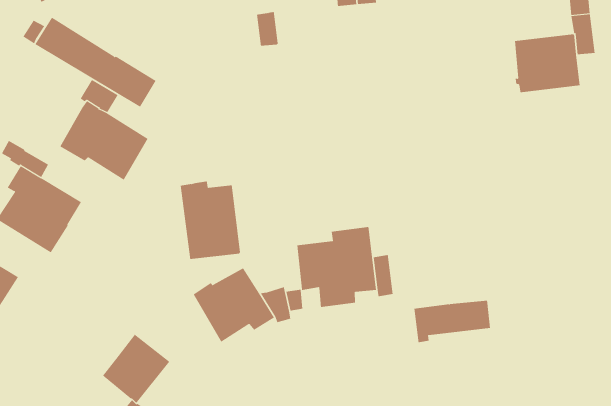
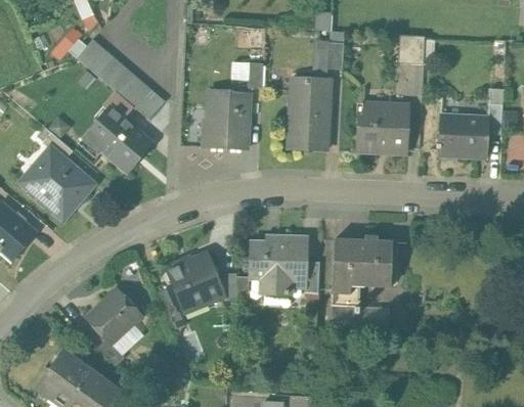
building: none -> [288,77,329,149]
building: none -> [355,102,408,153]
building: [180,181,241,259] -> [206,90,248,149]
building: none -> [331,235,391,306]

